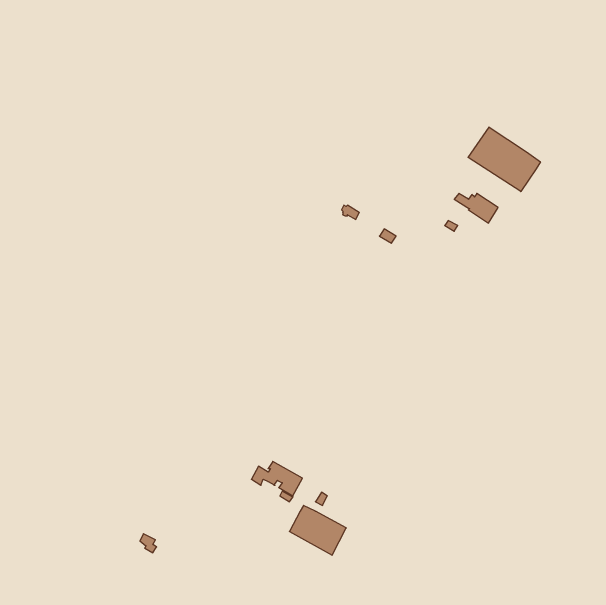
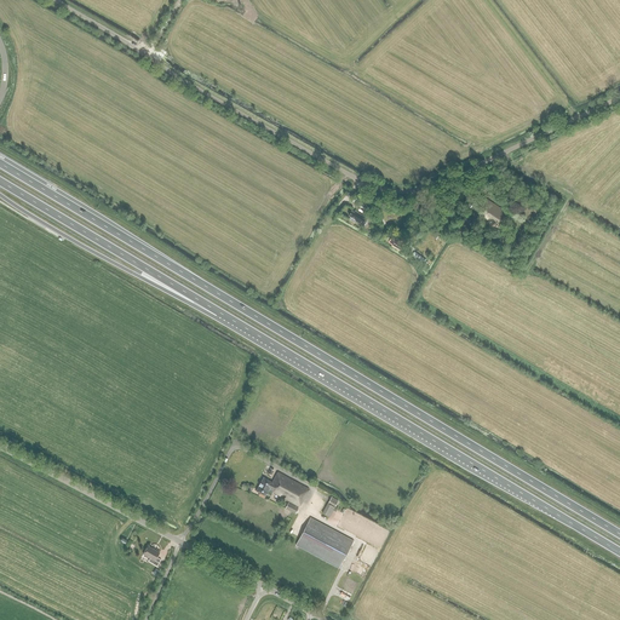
building: [468,127,540,192] -> none

